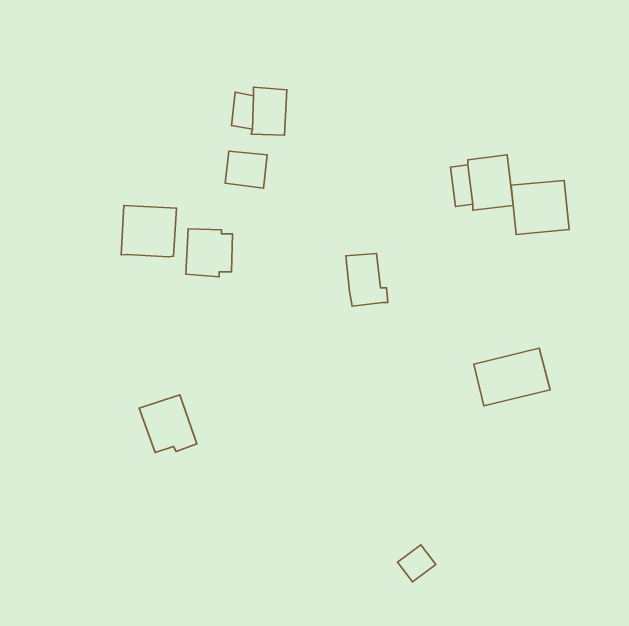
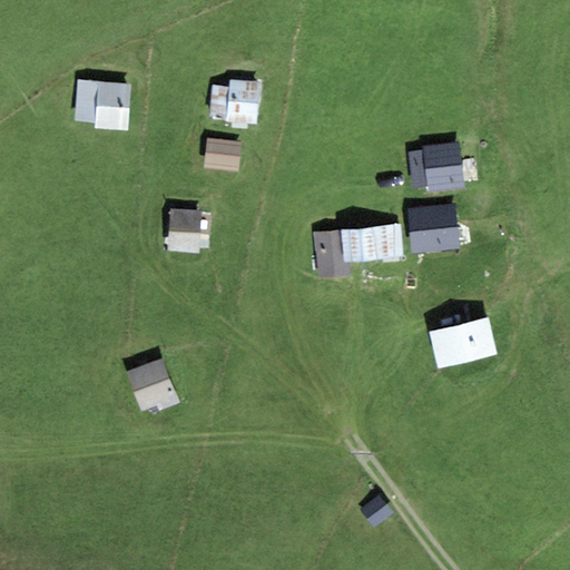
building: none -> [75,78,130,128]
building: [511,180,569,235] -> [407,203,460,252]
building: [121,205,176,257] -> none
building: none -> [341,223,403,261]

